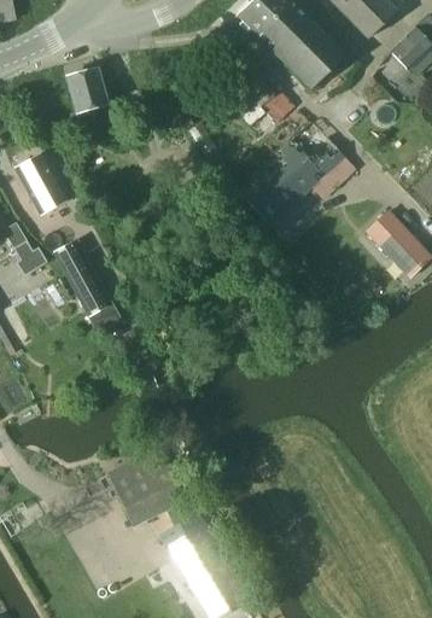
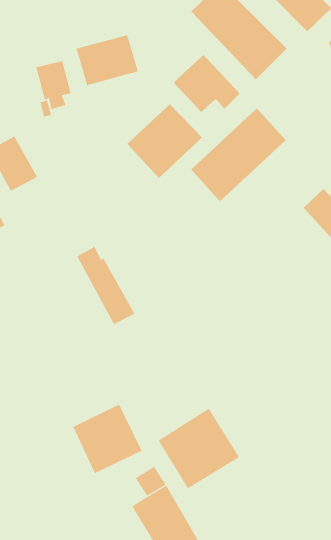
building: none -> [76,35,138,86]
building: none -> [127,104,203,179]
building: [57,246,122,333] -> [76,246,135,325]
building: none -> [158,408,240,489]

